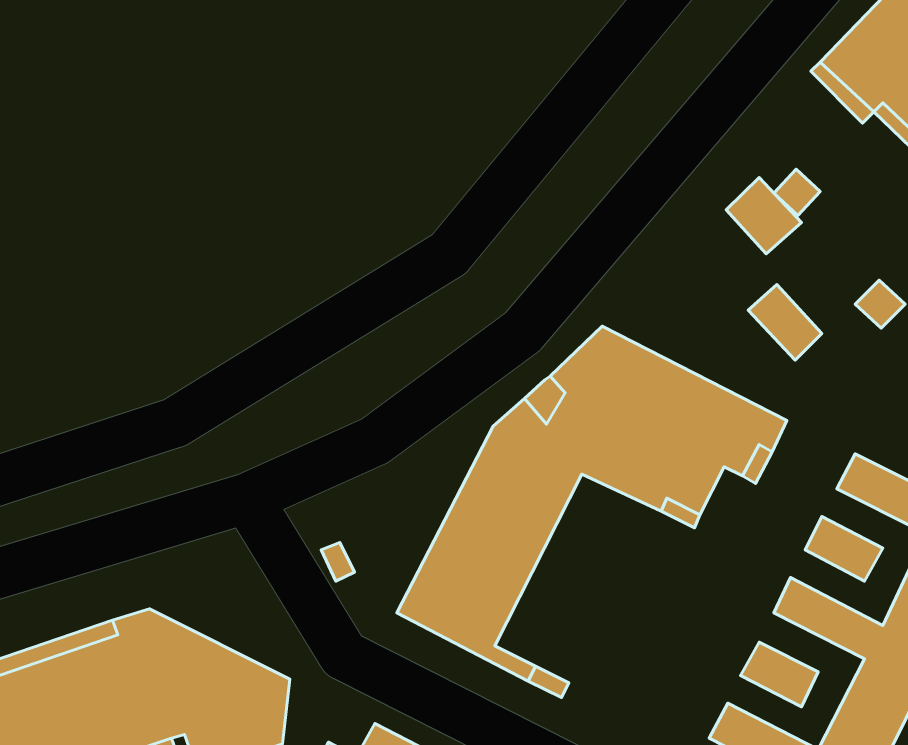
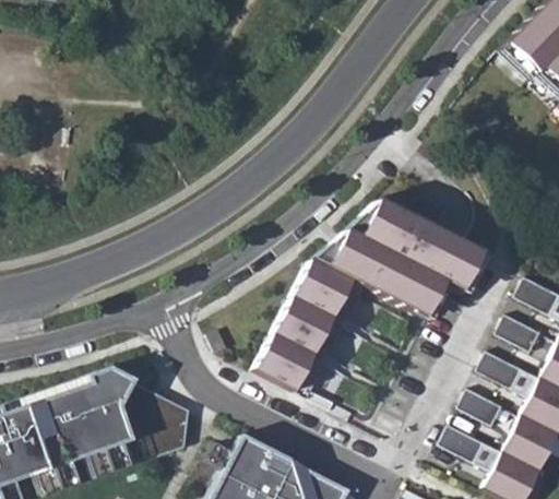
building: [726,178,801,254] -> none
building: [748,285,822,360] -> none

